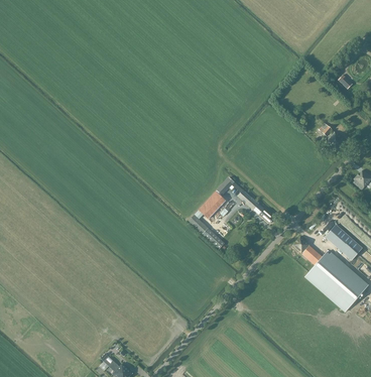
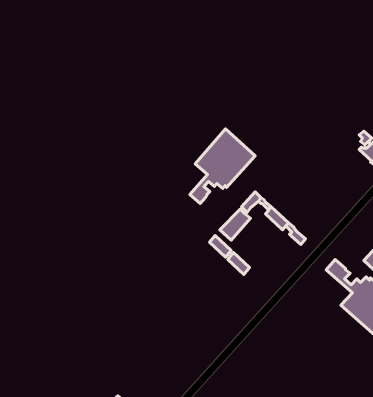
building: none -> [190,129,255,203]

